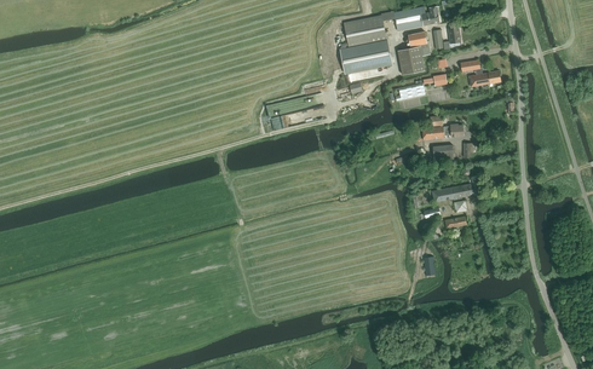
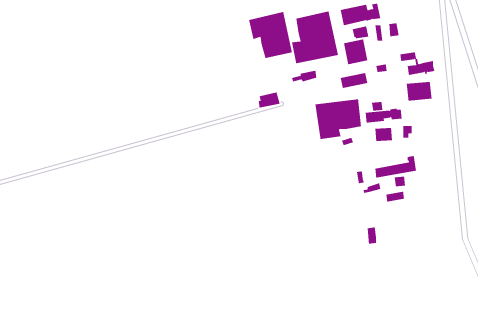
building: none -> [249,11,293,59]
building: none -> [406,81,432,101]
building: none -> [315,99,362,140]

